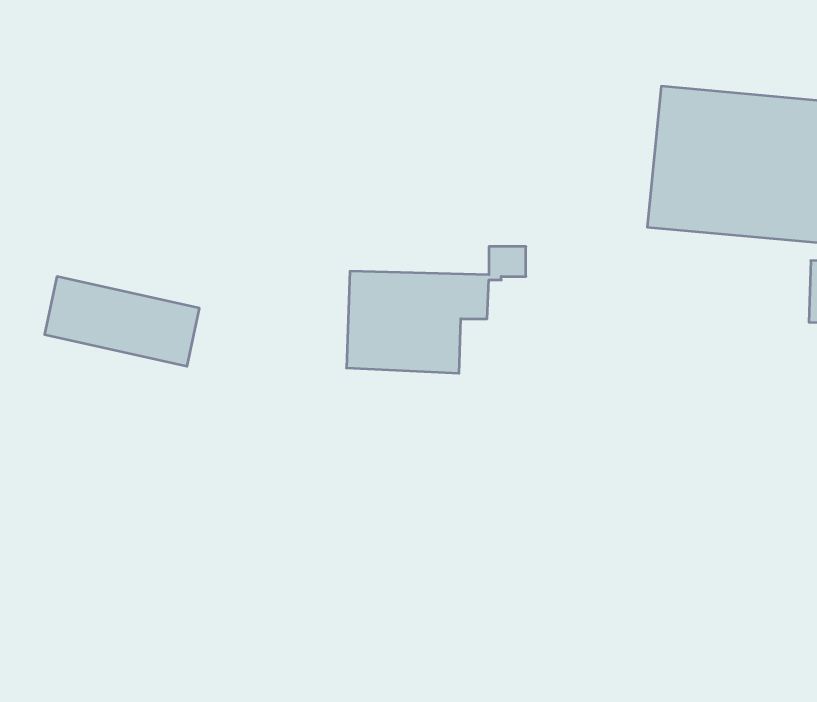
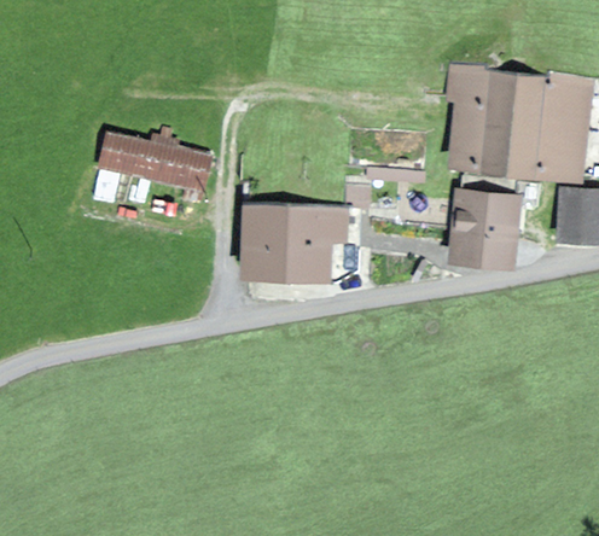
building: none -> [450,194,510,261]
building: [45,277,199,366] -> [99,134,205,196]

